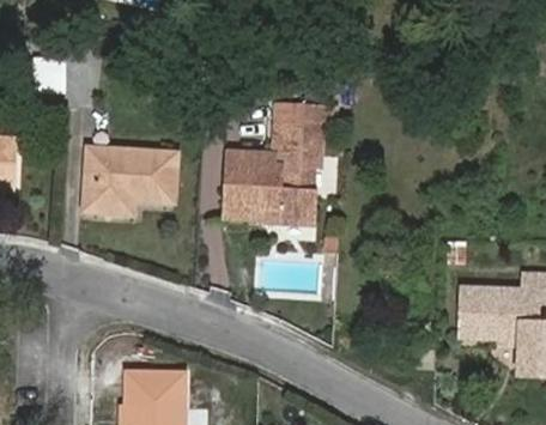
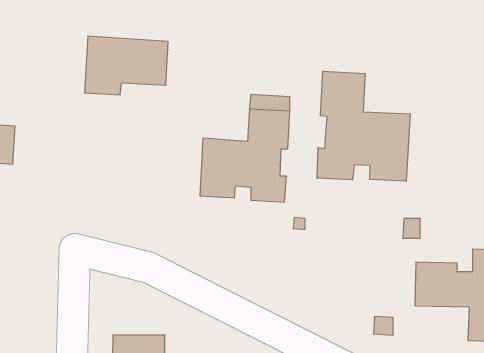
building: none -> [317,71,410,181]
building: [84,148,176,213] -> [84,36,168,95]

